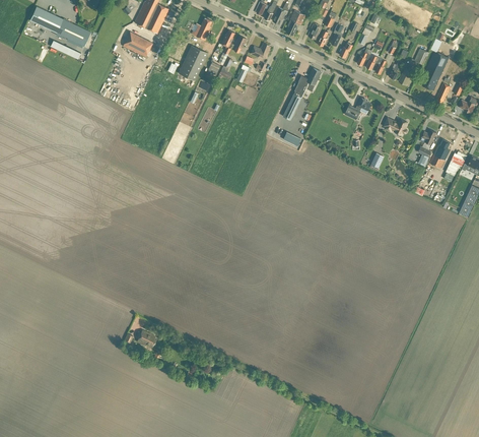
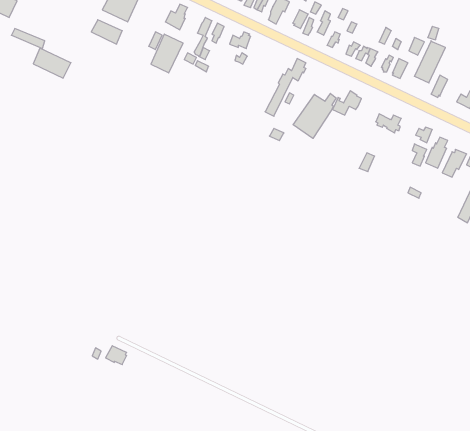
building: [57,18,91,46] -> [33,48,71,78]
building: none -> [293,93,336,138]

